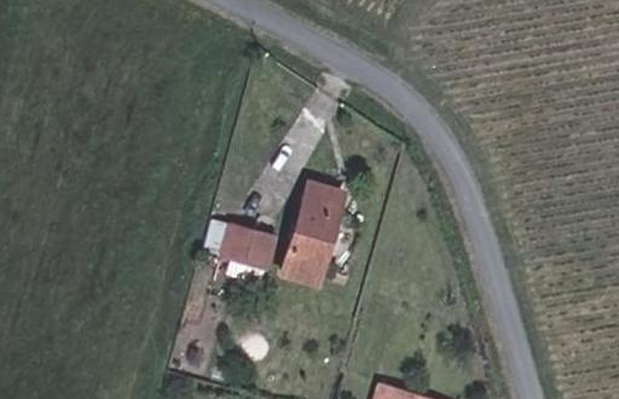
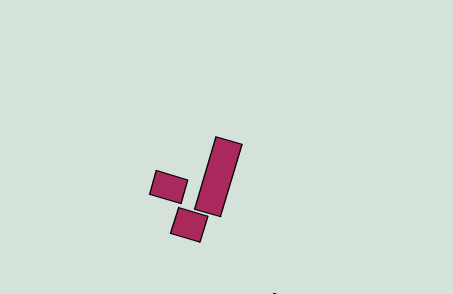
building: none -> [171,207,208,242]

